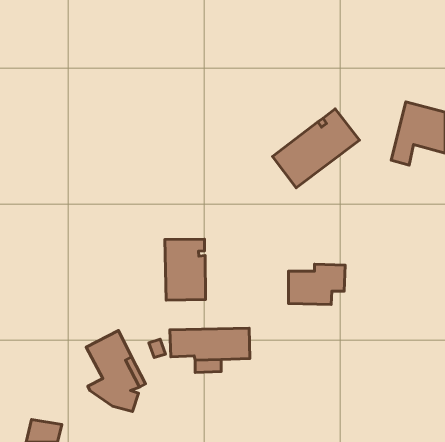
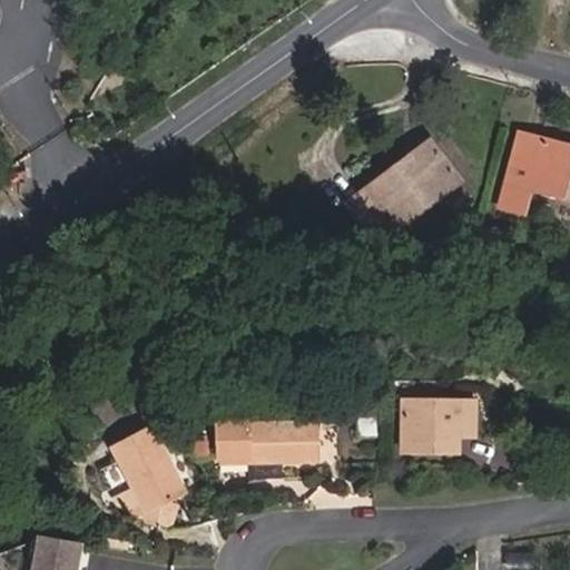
building: [165,239,205,300] -> none
building: [288,264,345,304] -> [402,399,474,450]

